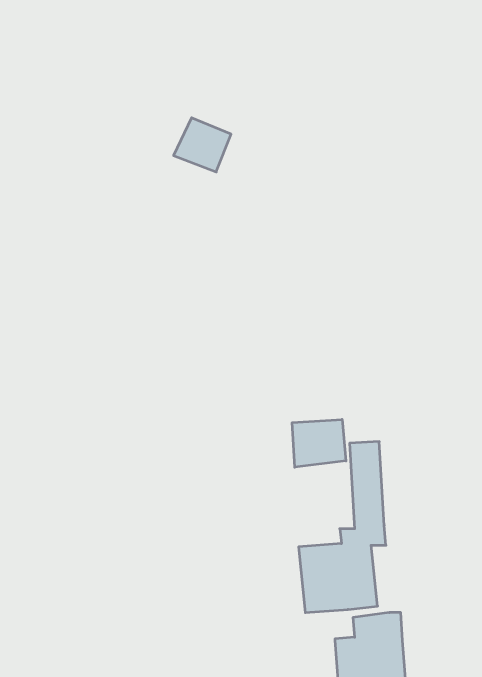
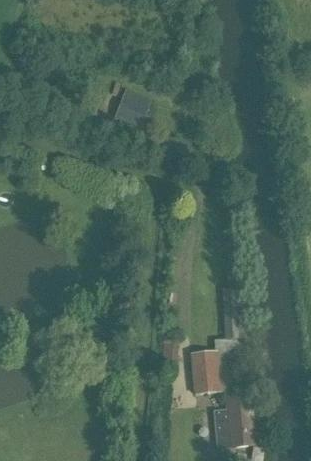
building: [292,419,346,467] -> none

